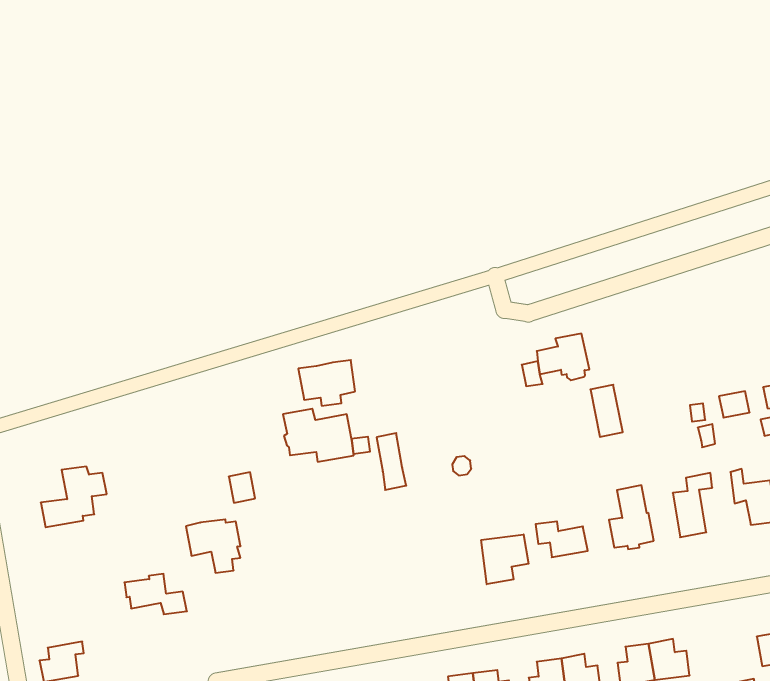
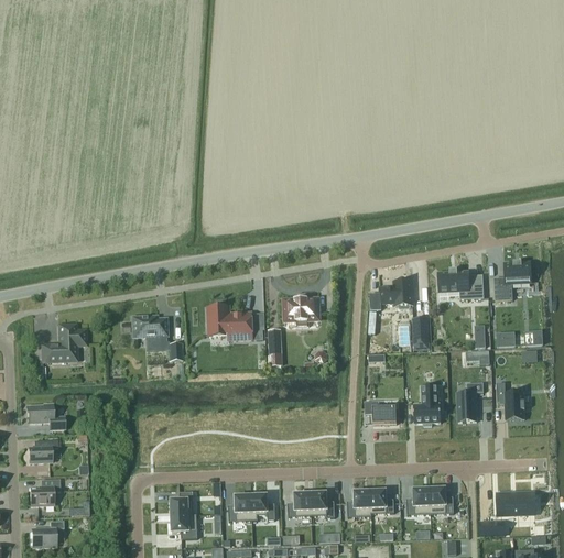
building: none -> [494,262,531,300]
building: none -> [437,269,484,299]
building: [298,360,355,406] -> [283,298,318,326]
building: [186,519,241,573] -> [132,316,166,350]
building: [481,534,529,584] -> none
building: [124,574,187,614] -> [26,403,65,429]

